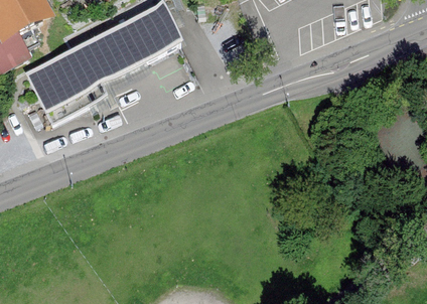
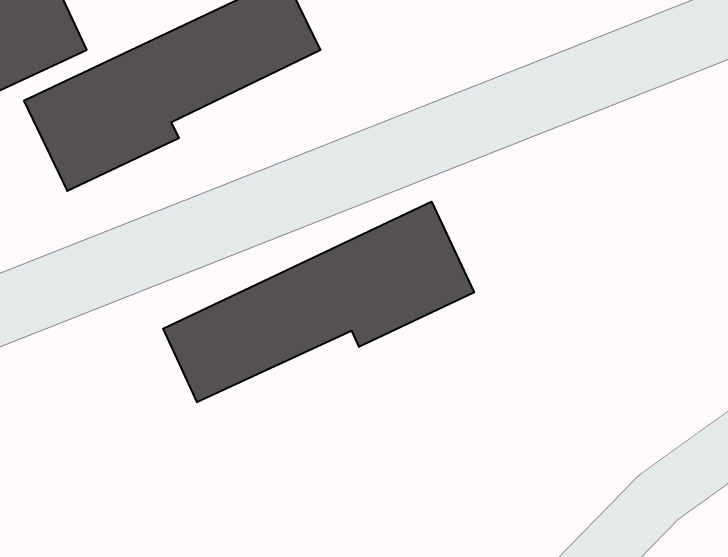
building: none -> [163,202,474,402]

